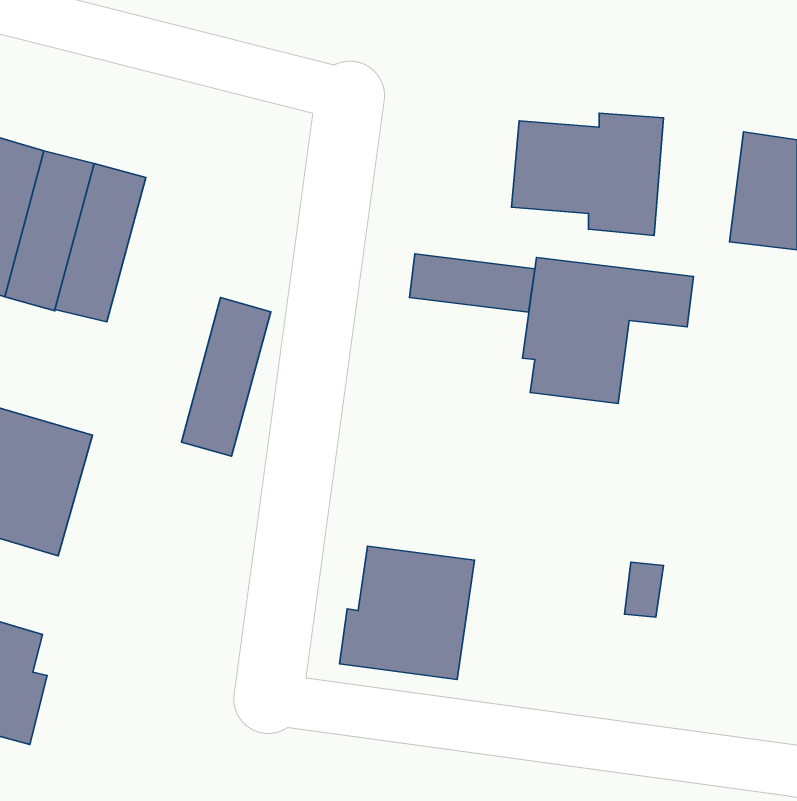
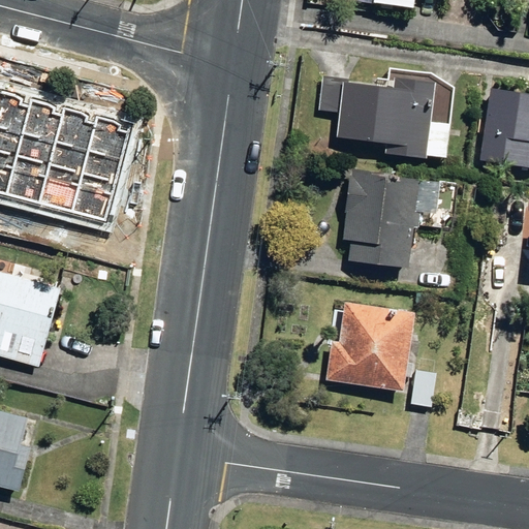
building: [409,254,535,312] -> none
building: [181,298,271,456] -> [70,118,129,222]
building: [339,546,474,680] -> [326,302,415,390]

